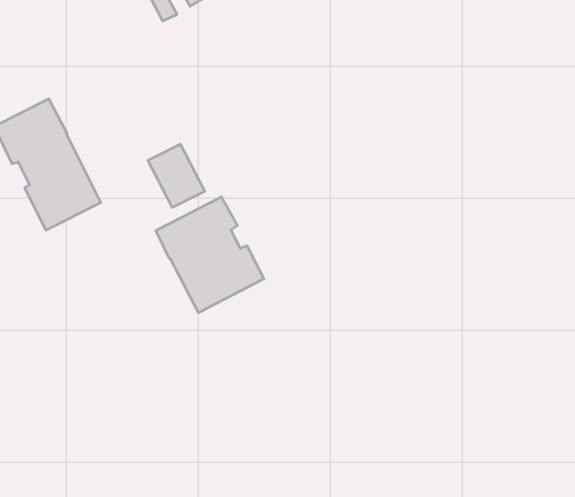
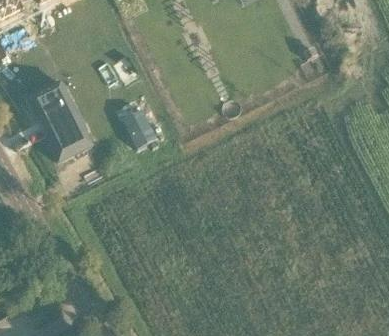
building: [156,197,264,313] -> none

